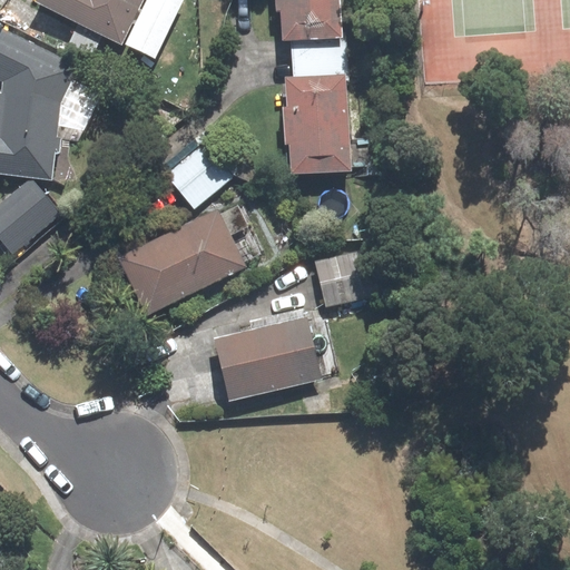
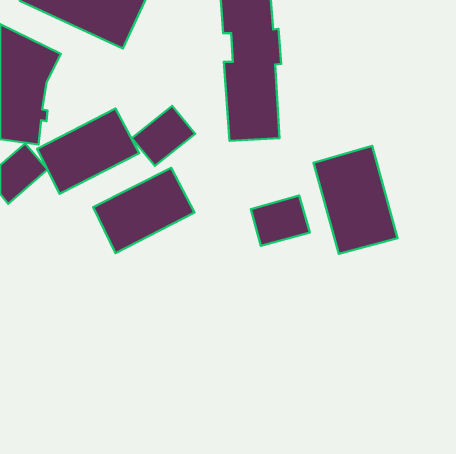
building: none -> [37,108,139,194]
building: none -> [314,146,397,254]
building: [210,316,318,401] -> none

